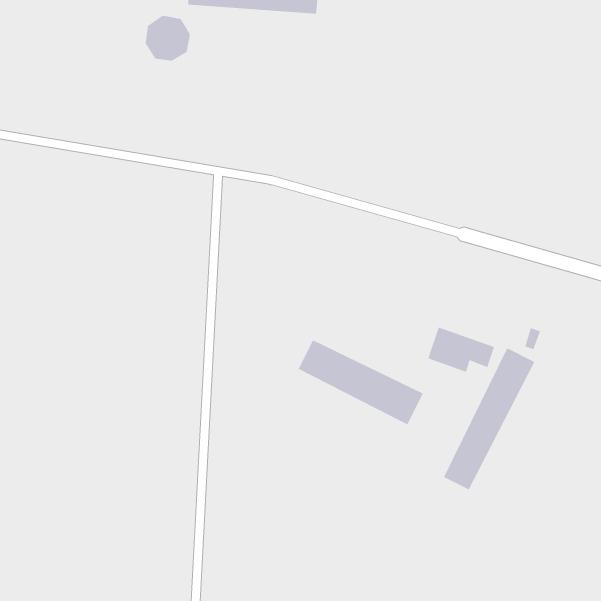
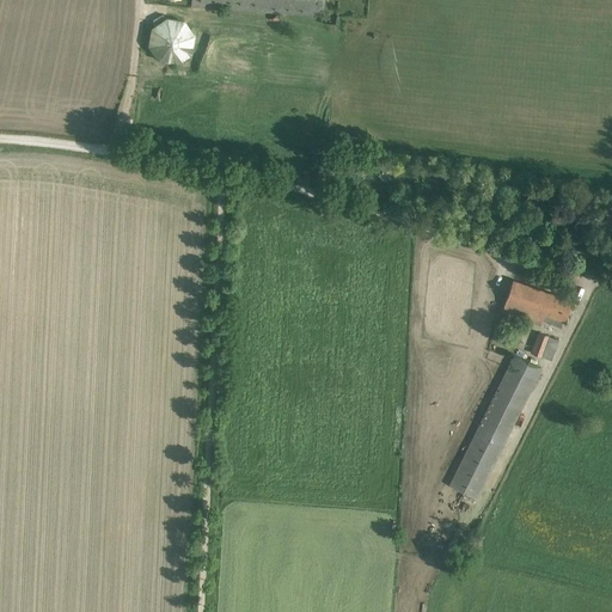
building: [428,327,495,373] -> [501,279,569,325]
building: [298,340,424,425] -> none

